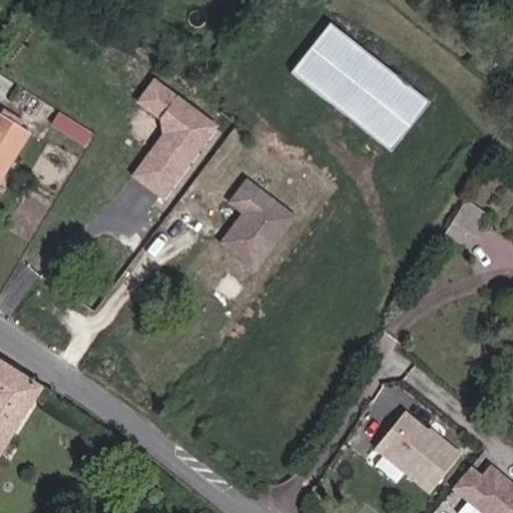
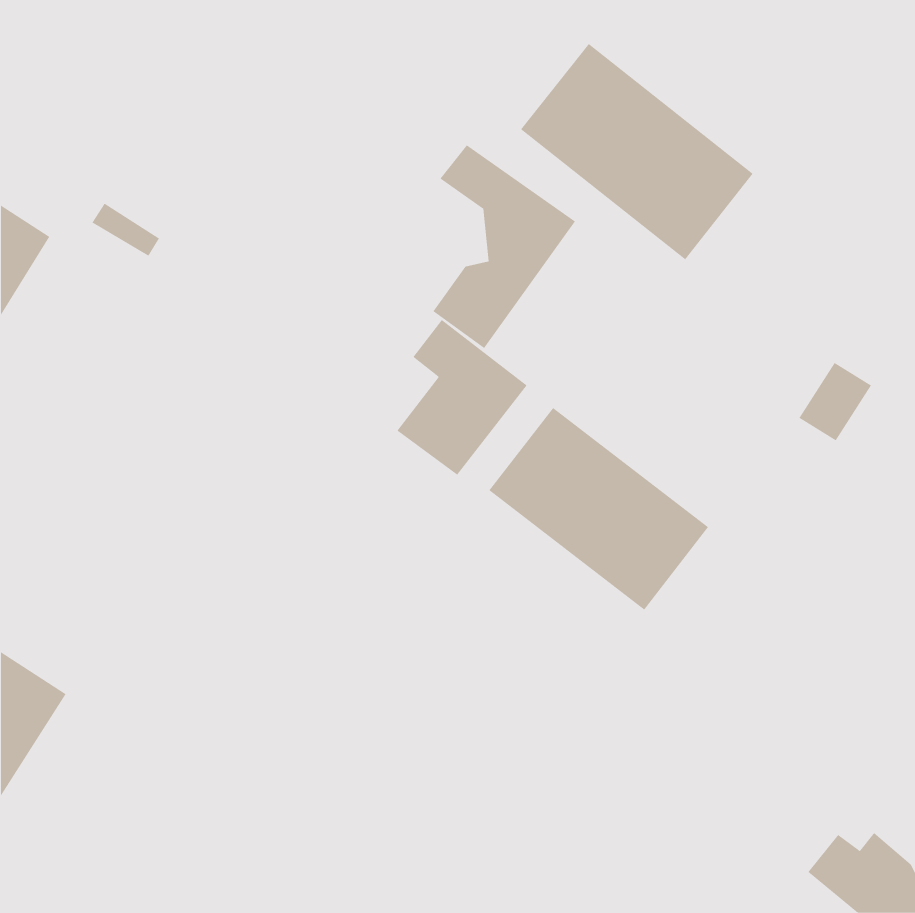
building: [134,82,214,196] -> [432,144,576,349]
building: none -> [489,407,709,610]
building: [384,418,457,489] -> none

